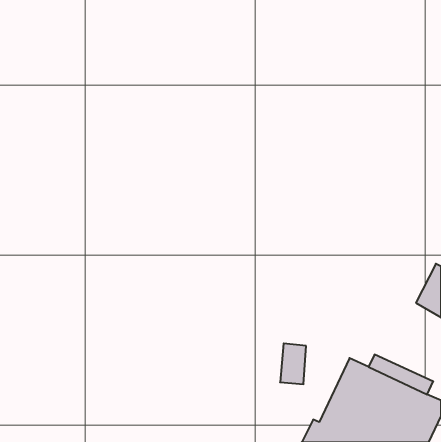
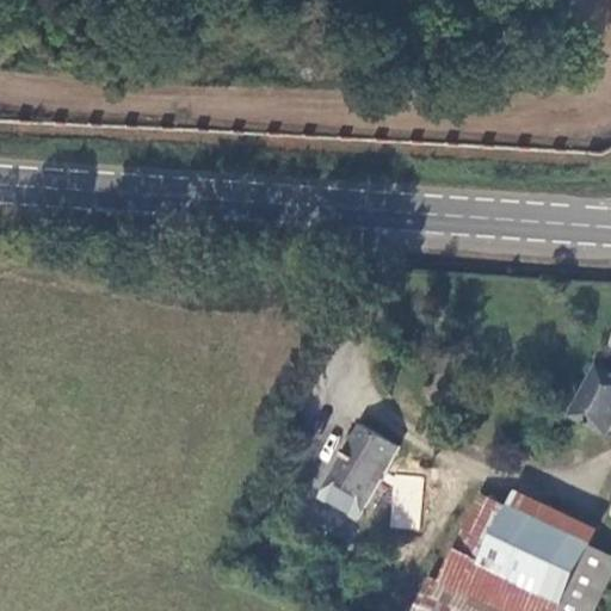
building: none -> [321,427,399,521]

